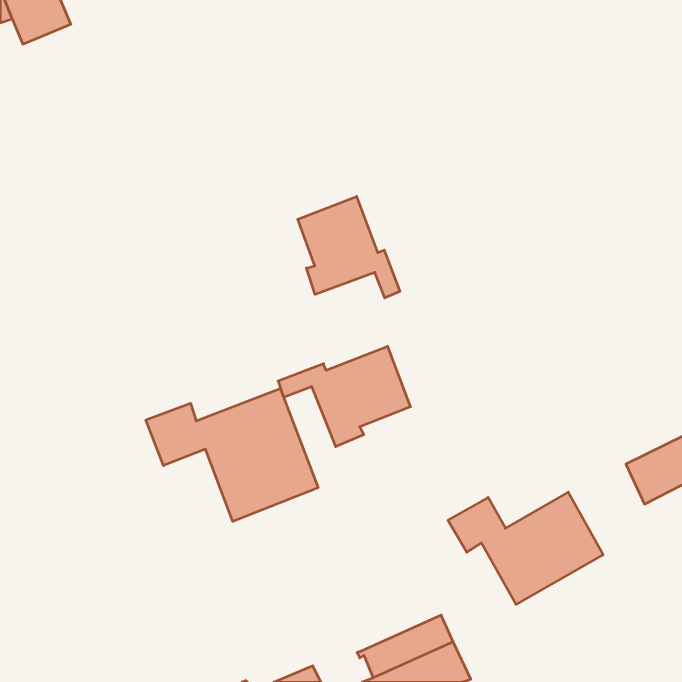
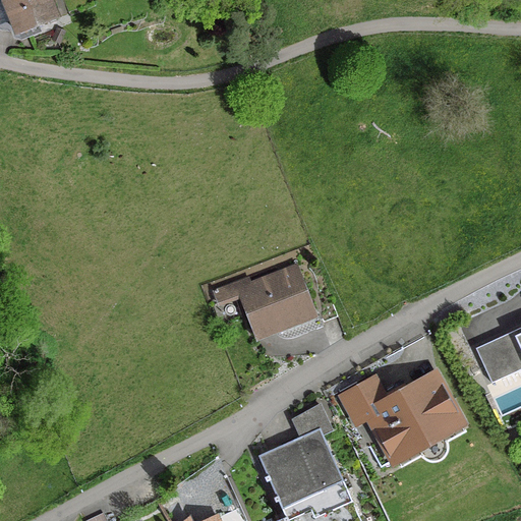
building: [298,196,400,298] -> none
building: [146,389,318,521] -> none
building: none -> [257,404,337,496]

